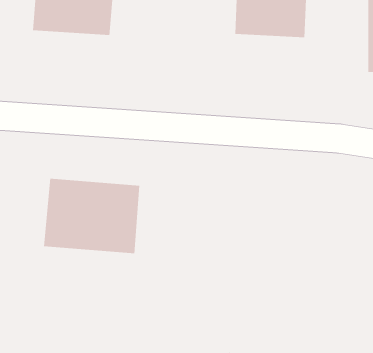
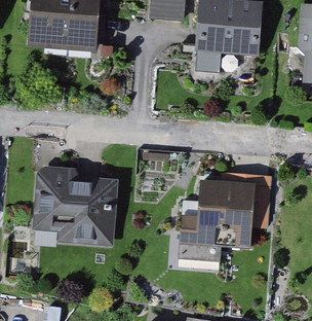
building: none -> [174,184,257,265]

